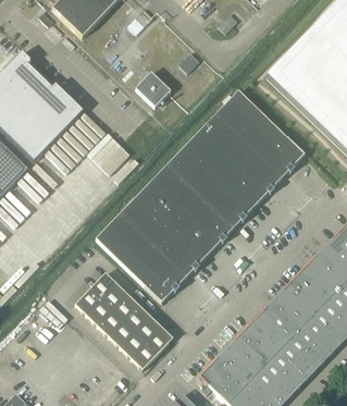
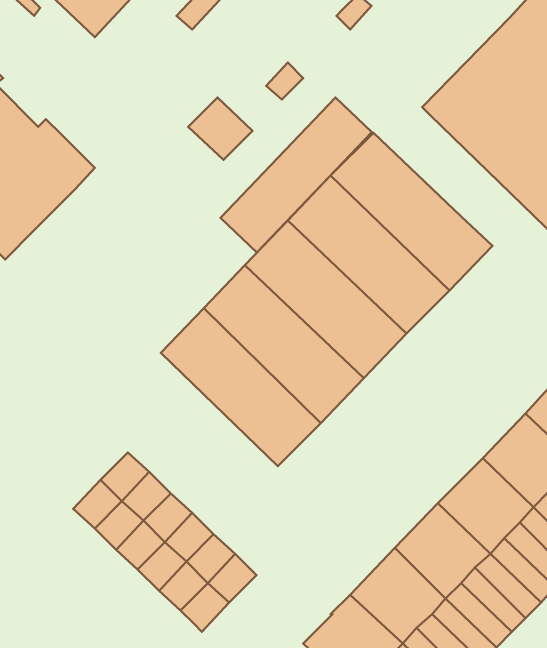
building: none -> [220,98,372,253]
building: [96,213,185,302] -> none

